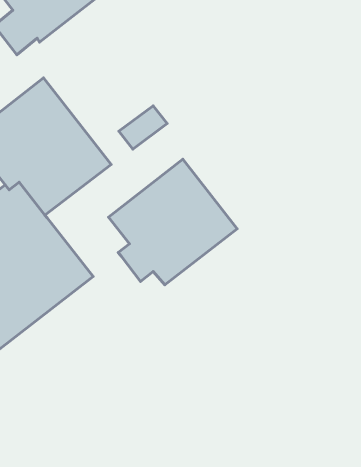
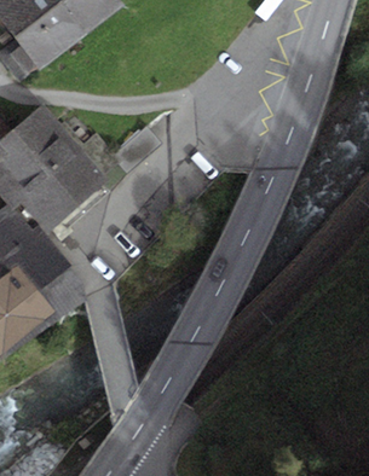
building: [108,159,237,285] -> none

